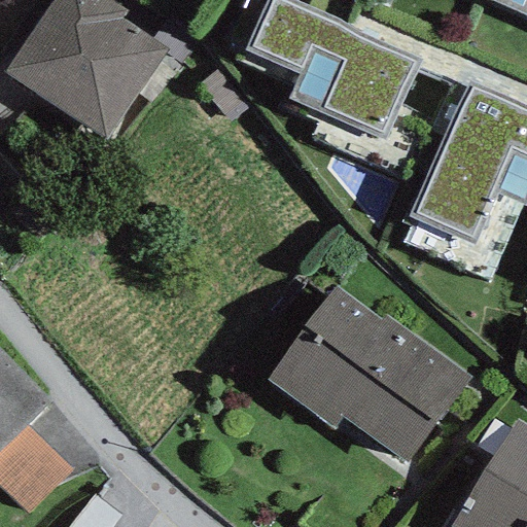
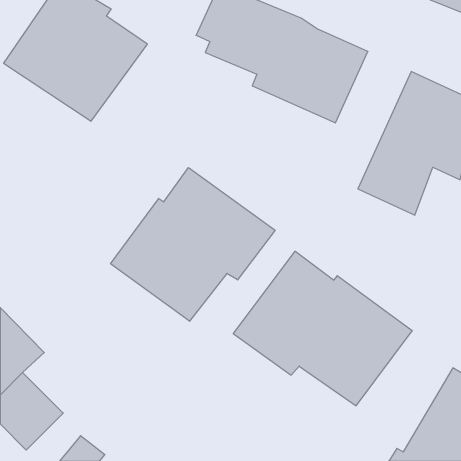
building: none -> [111,168,275,321]

